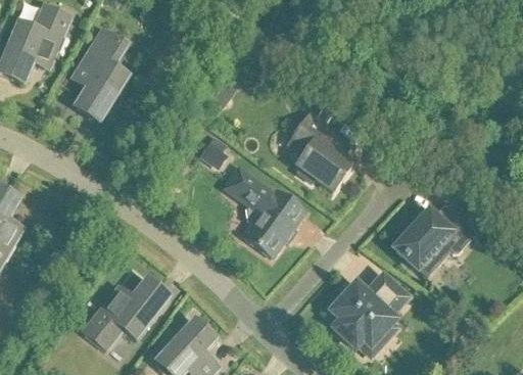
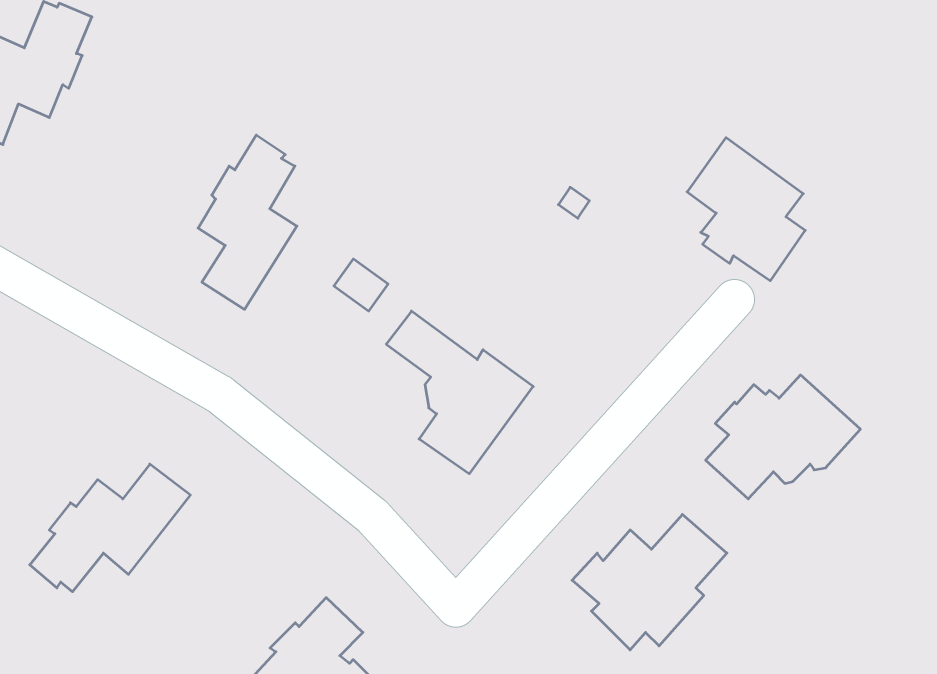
building: [74,29,126,121] -> [198,135,297,309]
building: [289,114,351,190] -> [687,138,805,281]
building: [83,280,168,347] -> [30,464,190,592]

